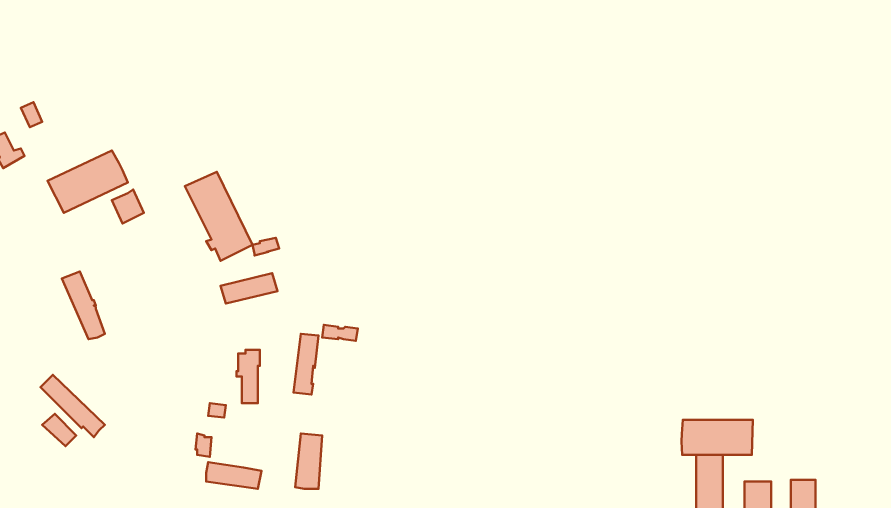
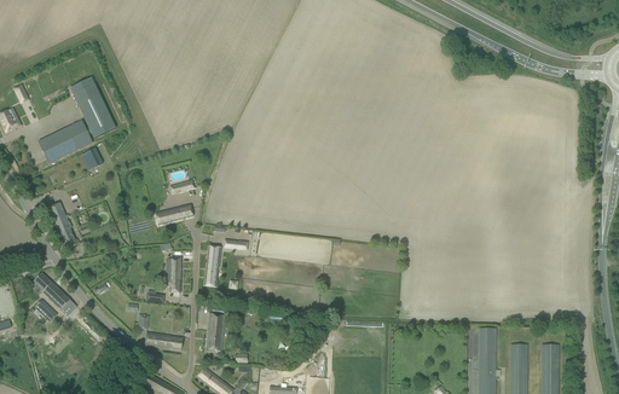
building: [185,172,253,261] -> [69,77,115,138]
building: [682,420,753,455] -> none

